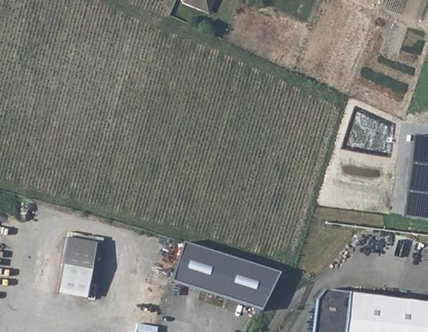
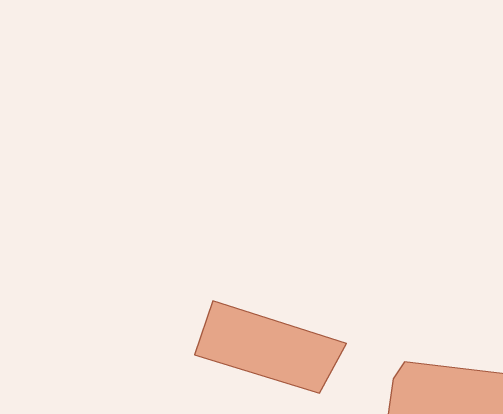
building: [59,238,97,297] -> none

